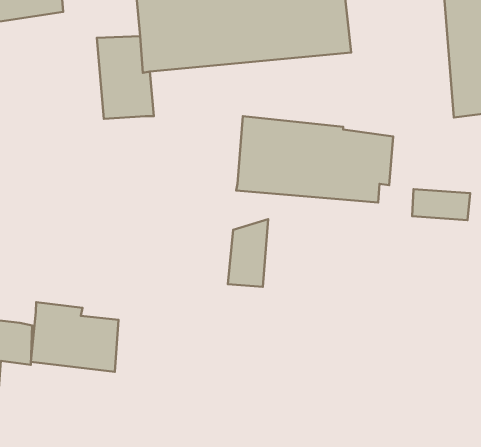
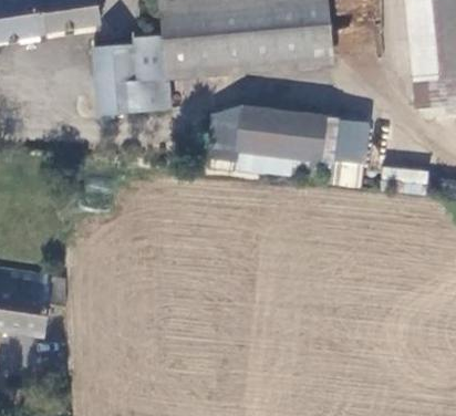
building: none -> [92,40,131,107]
building: [228,219,268,287] -> [211,104,245,159]
building: [31,302,119,372] -> none

